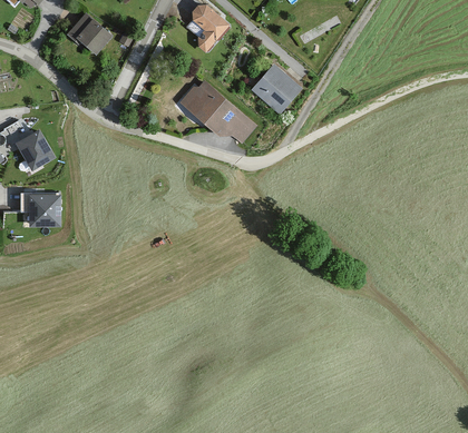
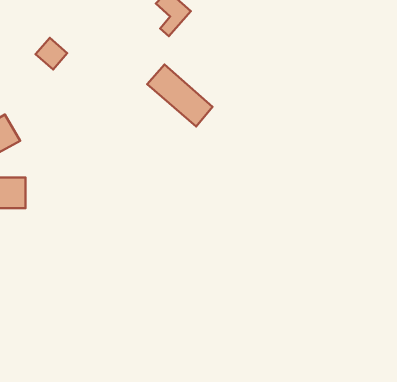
building: [78,19,110,51] -> [36,38,67,69]
building: [253,66,298,111] -> none

